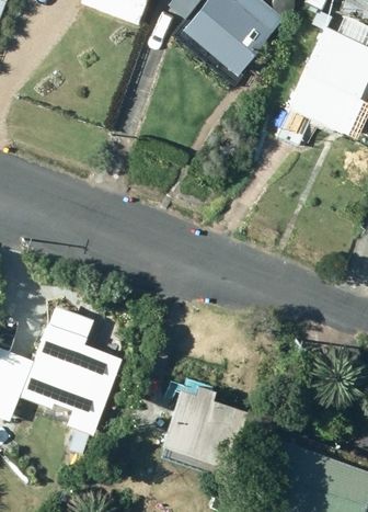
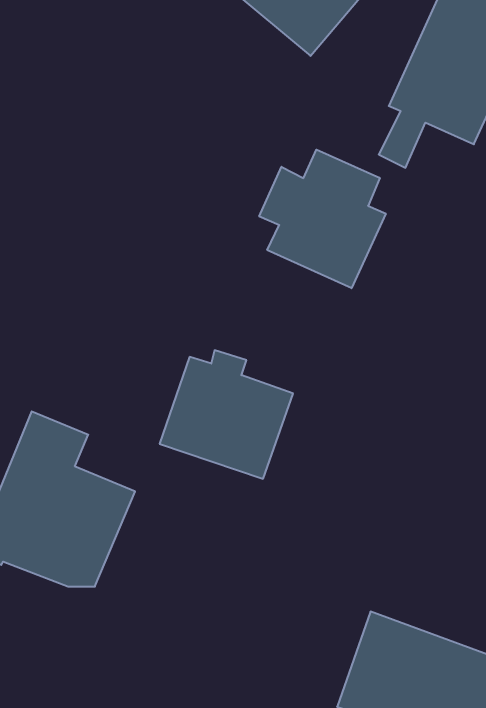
building: none -> [259,150,386,288]
building: [157,387,244,471] -> [160,350,293,479]

